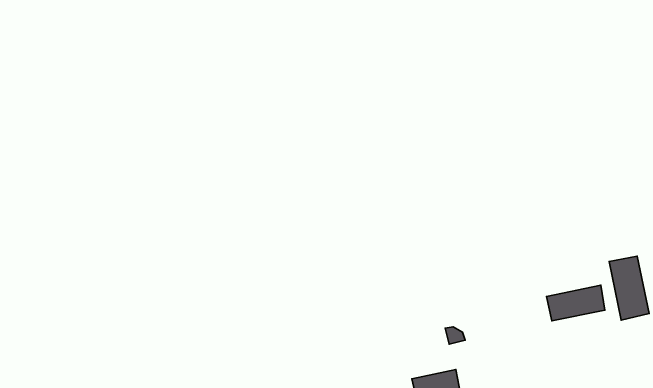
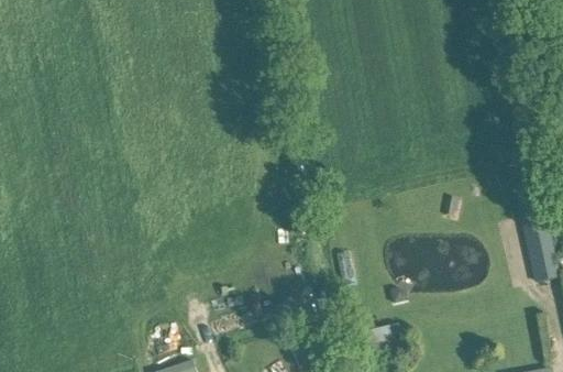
building: [546,285,605,321] -> none

